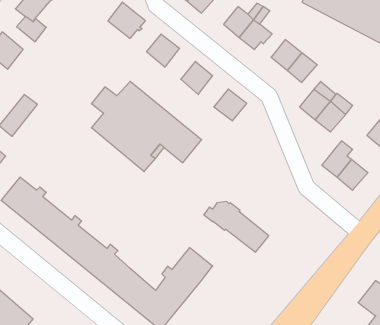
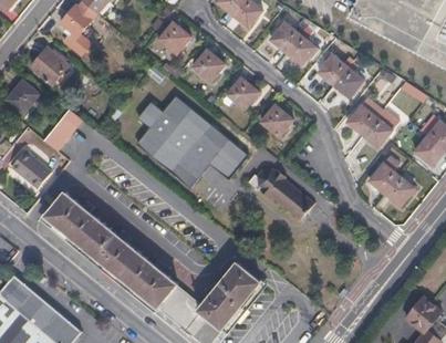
building: [204,202,269,252] -> [247,168,312,219]

